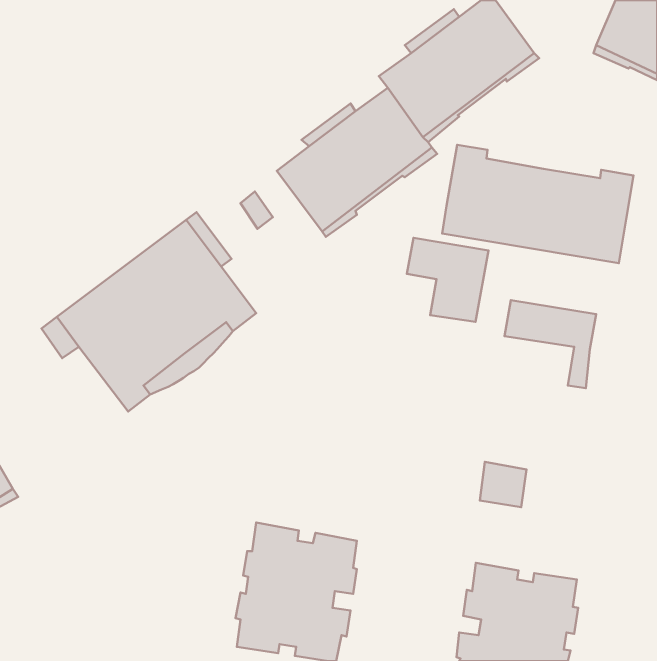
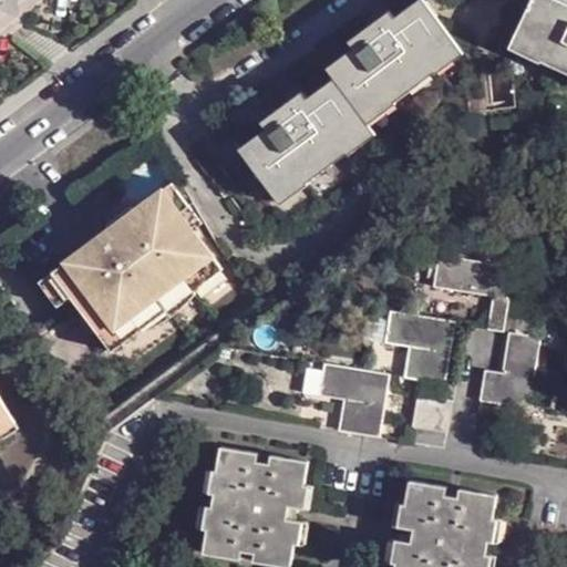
building: [442,145,633,263] -> none
building: [407,238,488,322] -> [383,312,453,384]
building: none -> [478,333,538,409]
building: none -> [319,365,388,437]

